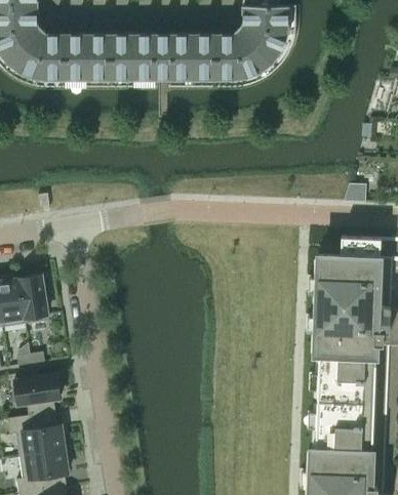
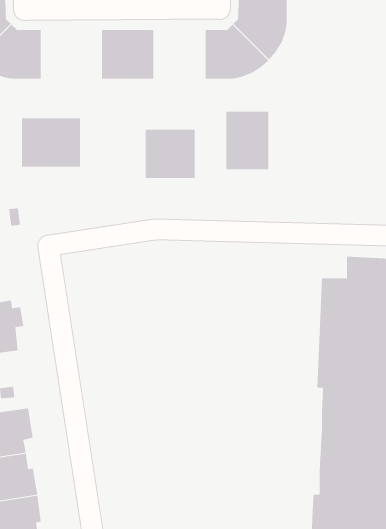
building: [69,35,122,79] -> [21,118,81,167]
building: [169,35,214,79] -> [145,129,195,179]
building: none -> [226,111,269,170]

